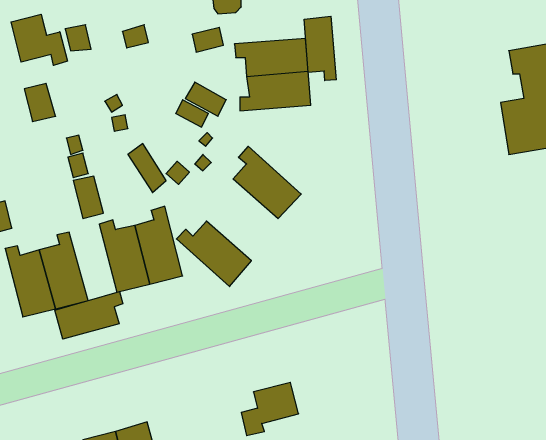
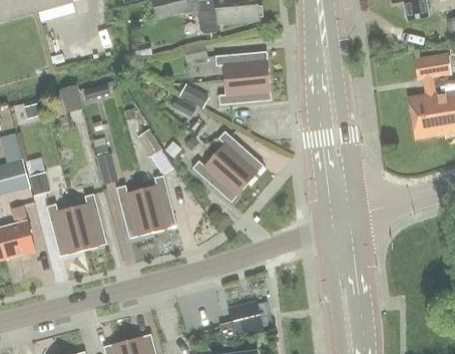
building: [11,14,68,65] -> none
building: [304,16,336,81] -> none
building: [176,221,251,287] -> [191,154,247,203]
building: [55,292,123,339] -> none

